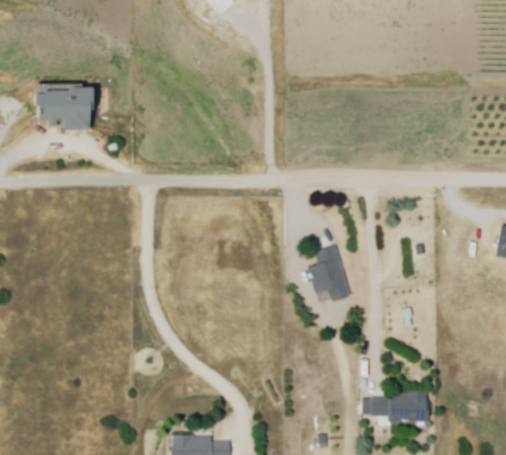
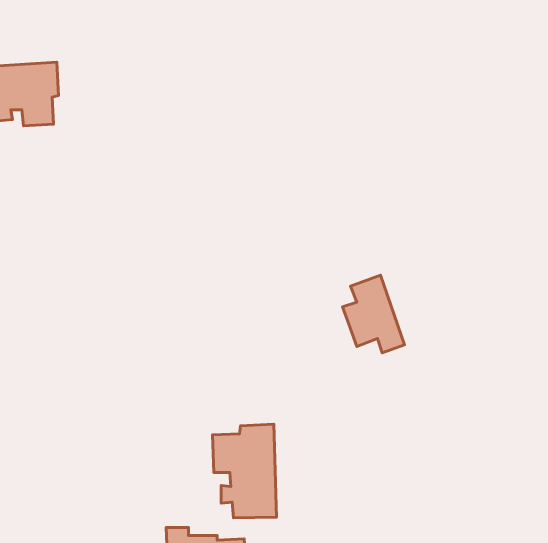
building: none -> [212,424,276,518]
building: [366,389,428,426] -> none

